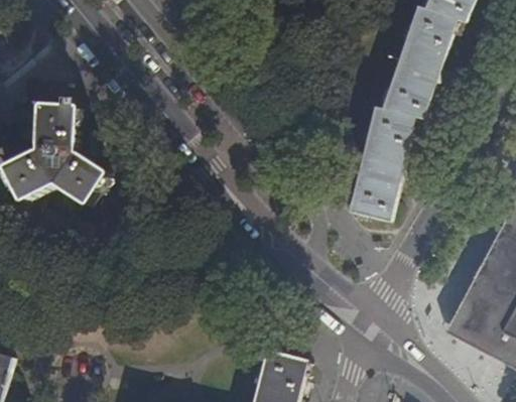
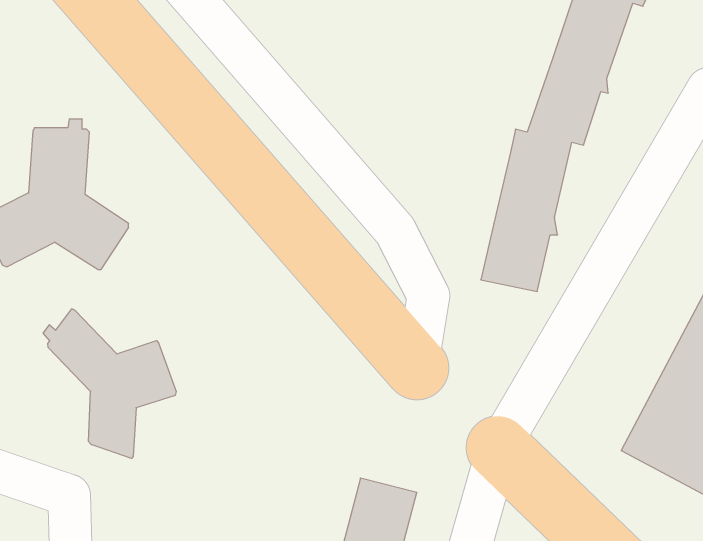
building: none -> [43,309,176,458]

